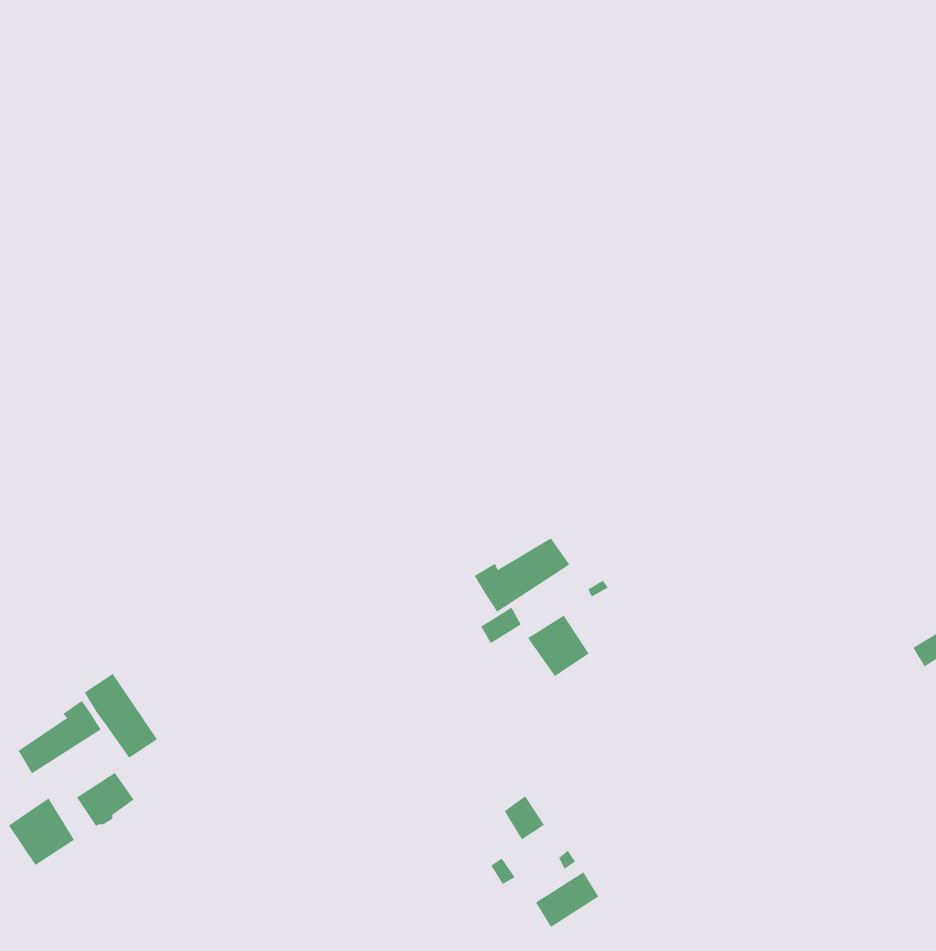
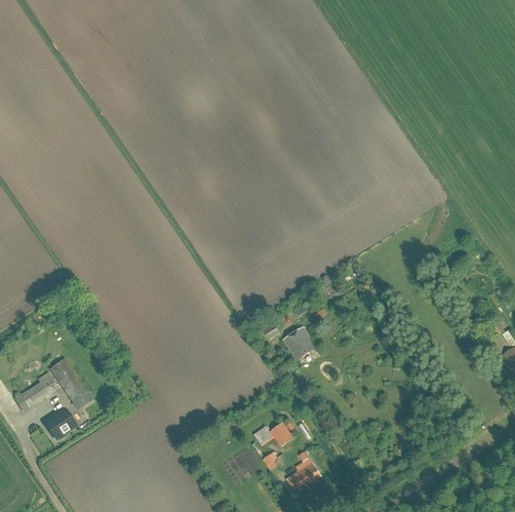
building: [474,537,570,612] -> none
building: [8,797,75,866] -> none

